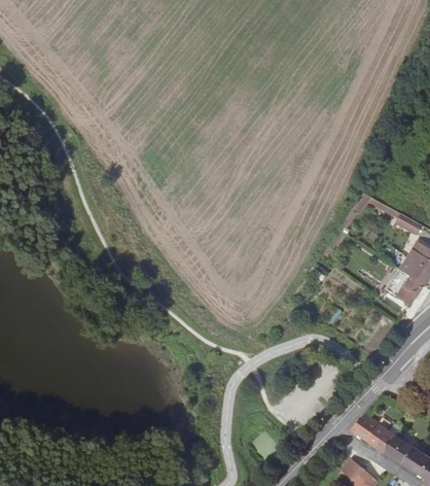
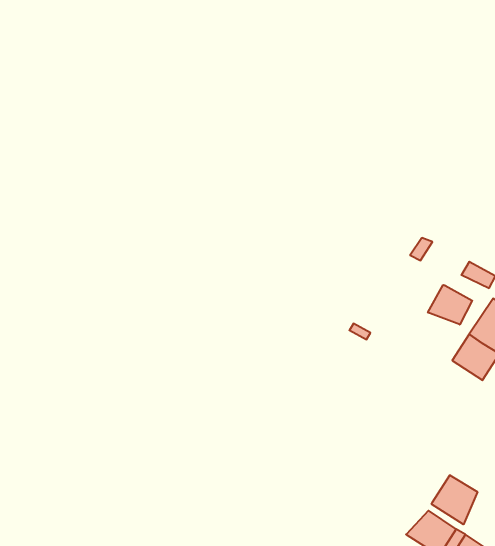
building: none -> [428,285,472,325]
building: none -> [432,475,477,524]

